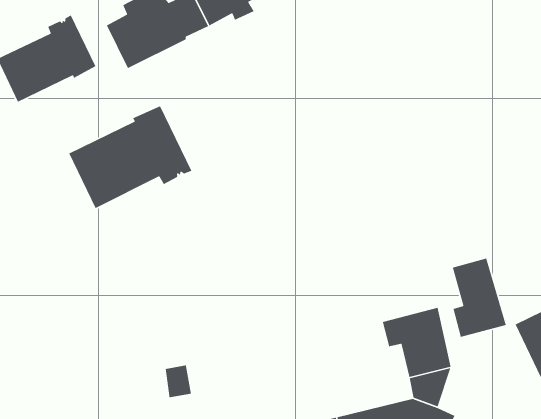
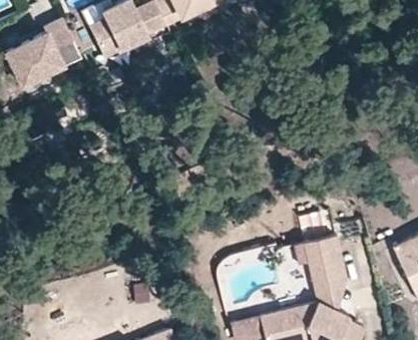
building: [68,105,193,209] -> none
building: [452,257,507,338] -> none

